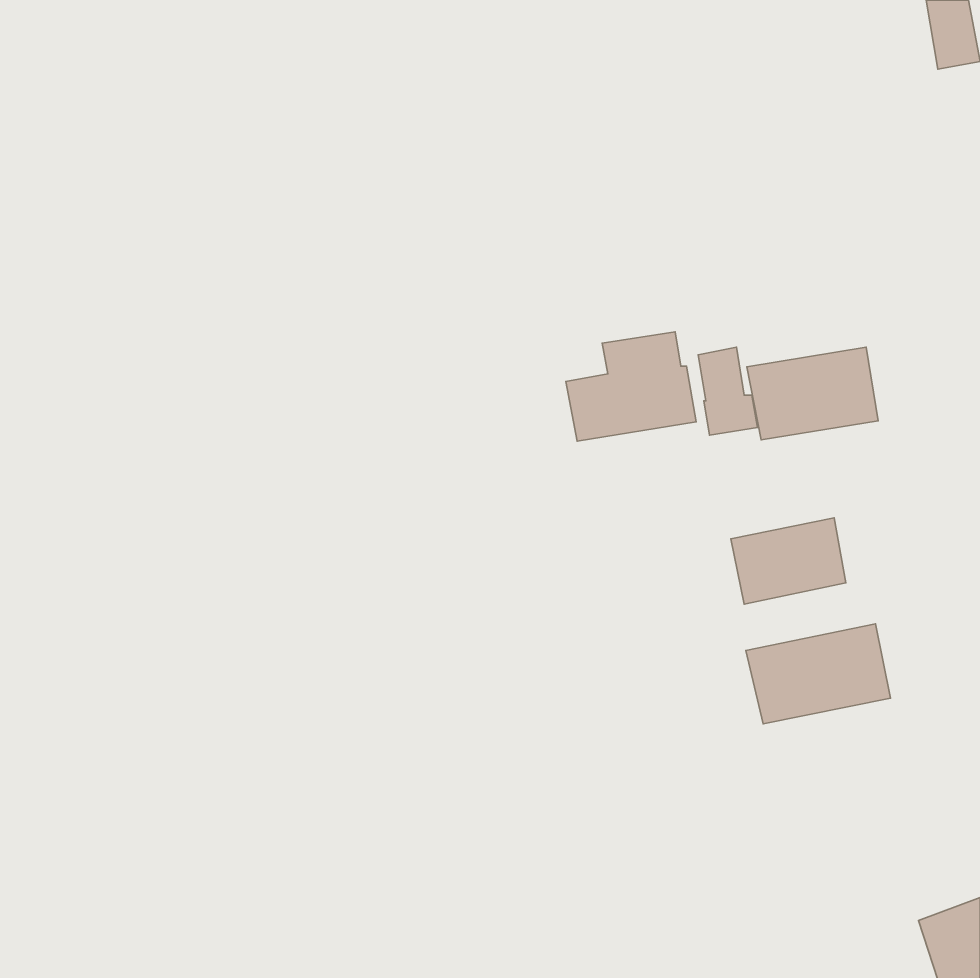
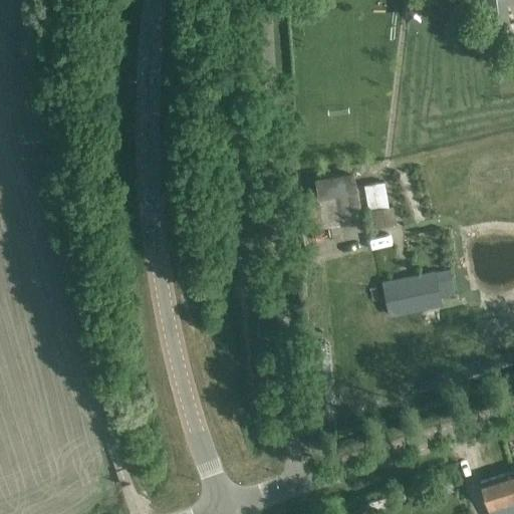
building: [747,347,878,440] -> none
building: [746,624,890,724] -> none

